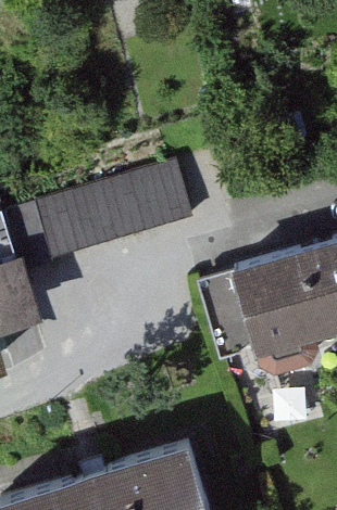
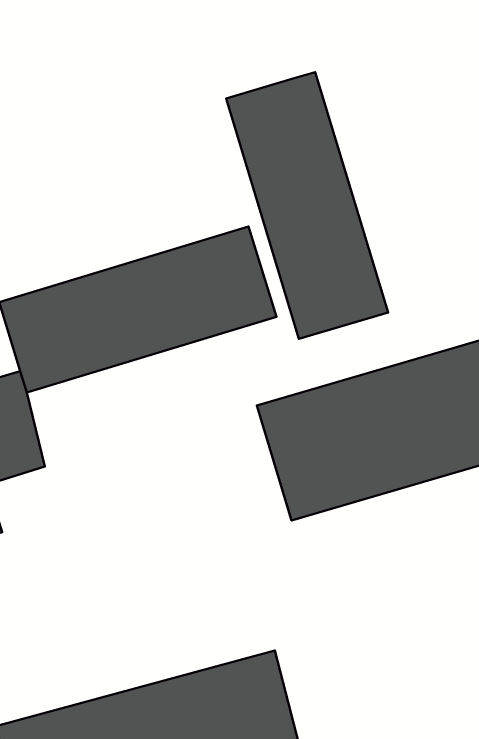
building: none -> [226,72,388,339]

